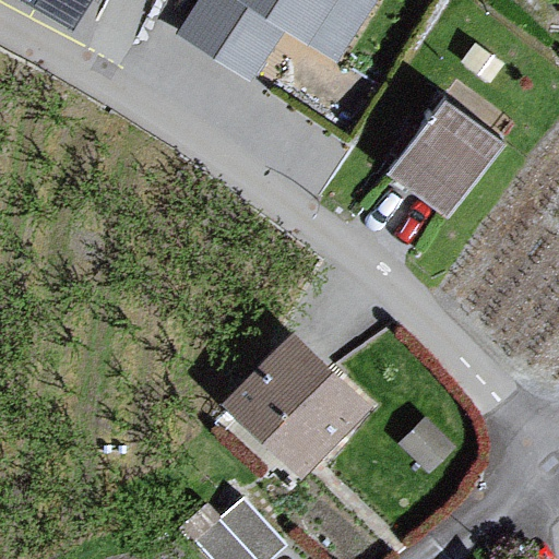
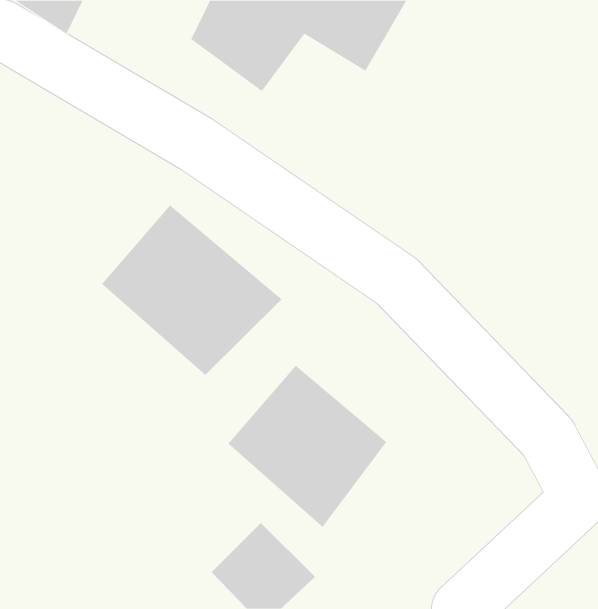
building: [390,99,498,217] -> none
building: none -> [101,204,283,376]

